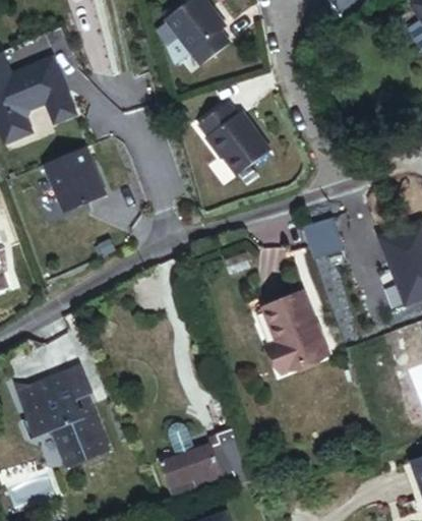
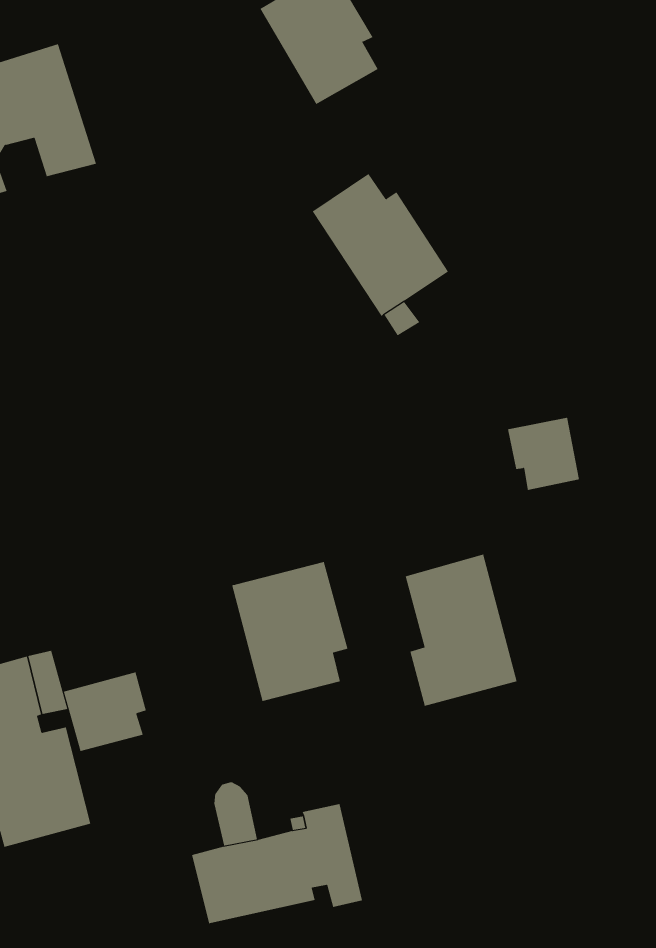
building: [45,143,108,211] -> none
building: none -> [231,561,348,702]
building: none -> [63,672,146,752]

